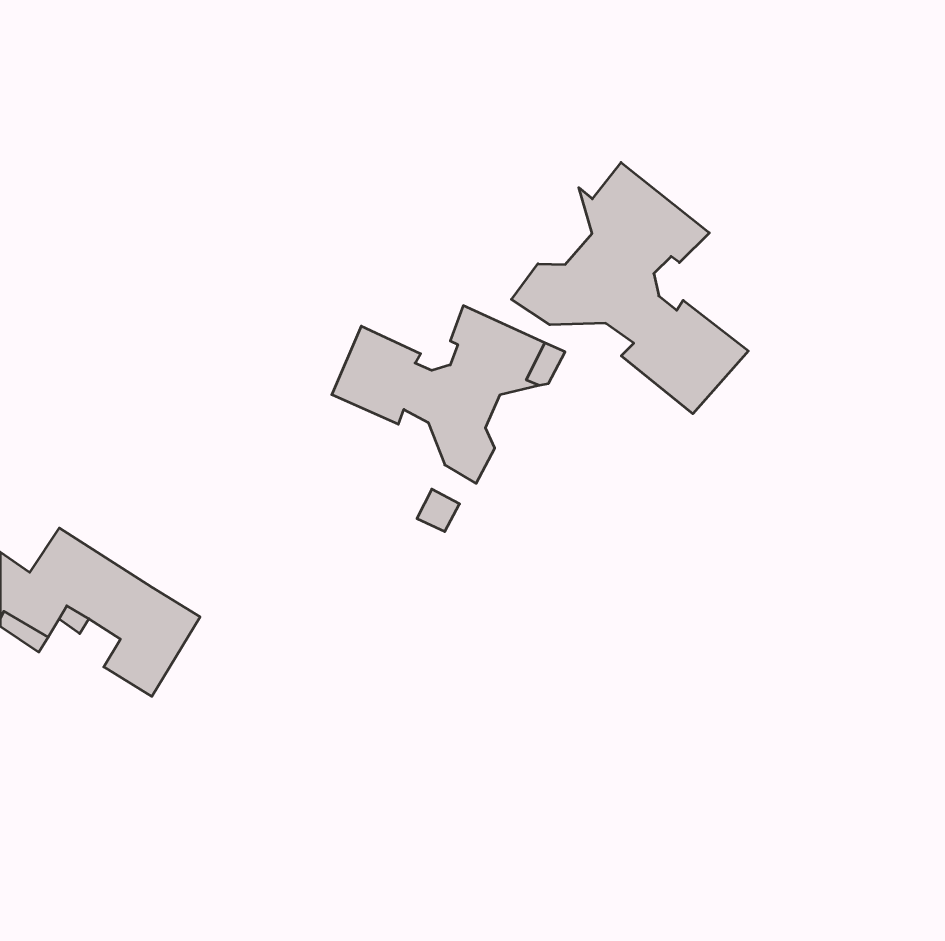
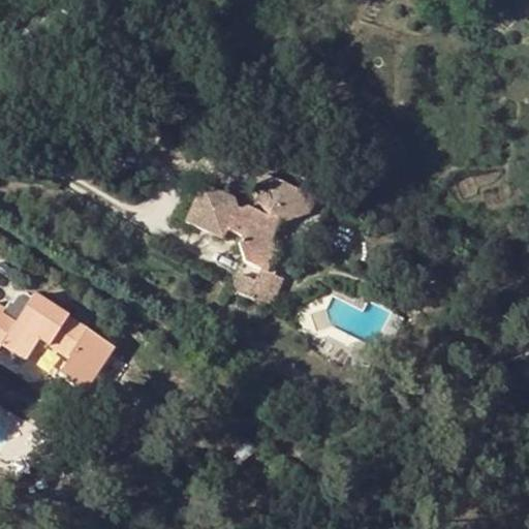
building: [511,162,748,414] -> none

